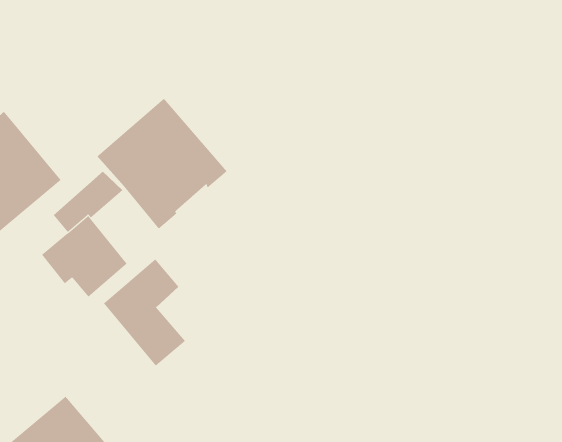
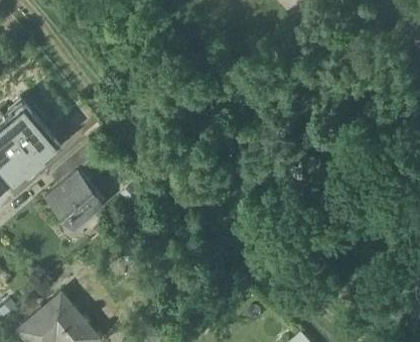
building: [96,98,228,229] -> none
building: [103,259,186,367] -> none

